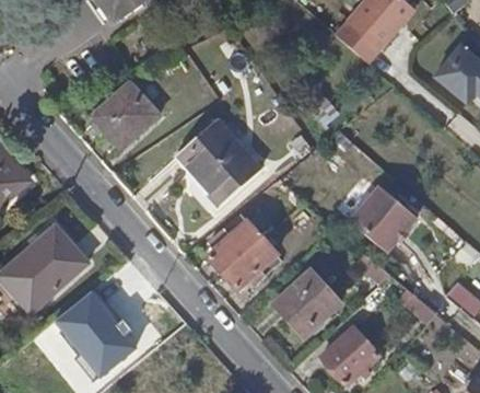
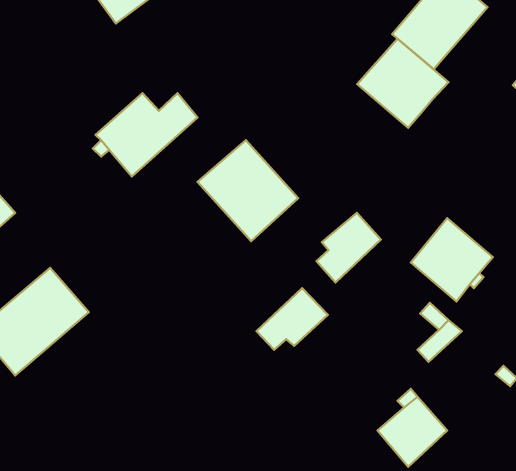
building: none -> [357,39,449,128]
building: [209,218,261,275] -> [317,213,381,283]
building: [276,275,342,340] -> none
building: [57,292,133,373] -> none

